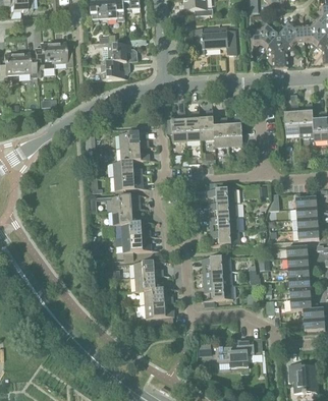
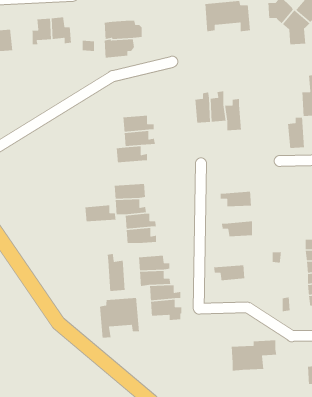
building: [16,52,37,77] -> none
building: [164,112,187,141] -> none
building: [227,117,243,147] -> [287,117,305,149]
building: [114,175,144,191] -> [85,205,117,222]
building: [208,188,237,205] -> none
building: [210,217,239,232] -> none
building: [202,256,231,273] -> none
building: none -> [107,253,125,292]
building: [204,284,233,300] -> none
building: none -> [99,297,140,338]

